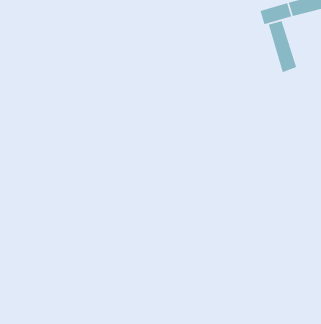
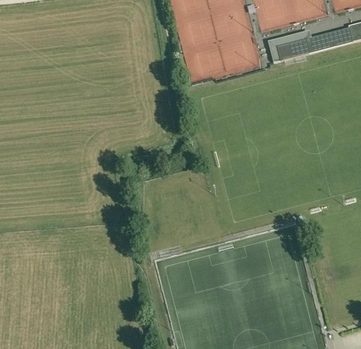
building: [268,20,297,73] -> none

